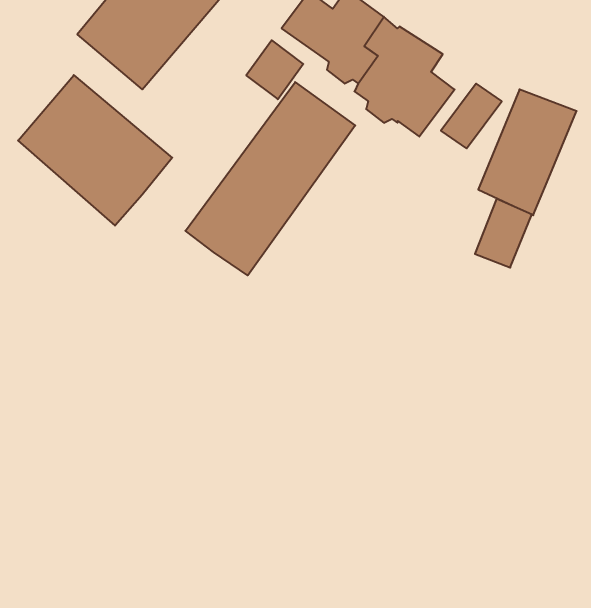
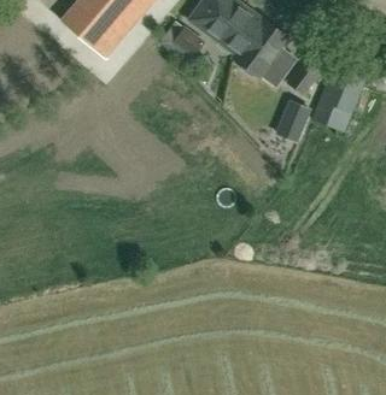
building: [18,75,172,226] -> none
building: [185,82,355,275] -> none
building: [475,199,532,268] -> [277,98,312,140]

